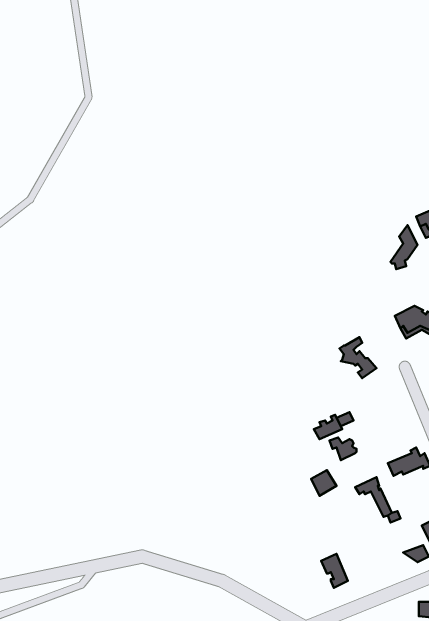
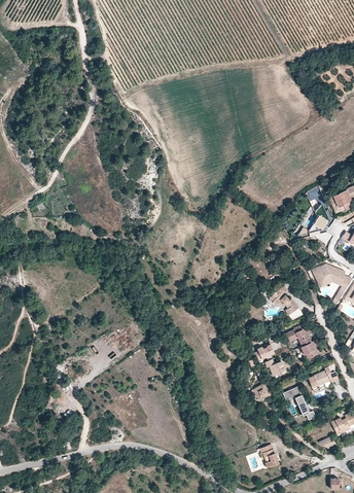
building: none -> [284,325,319,358]

